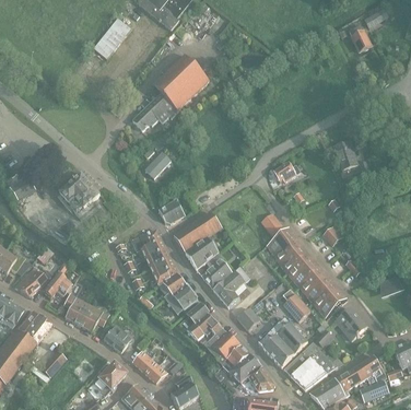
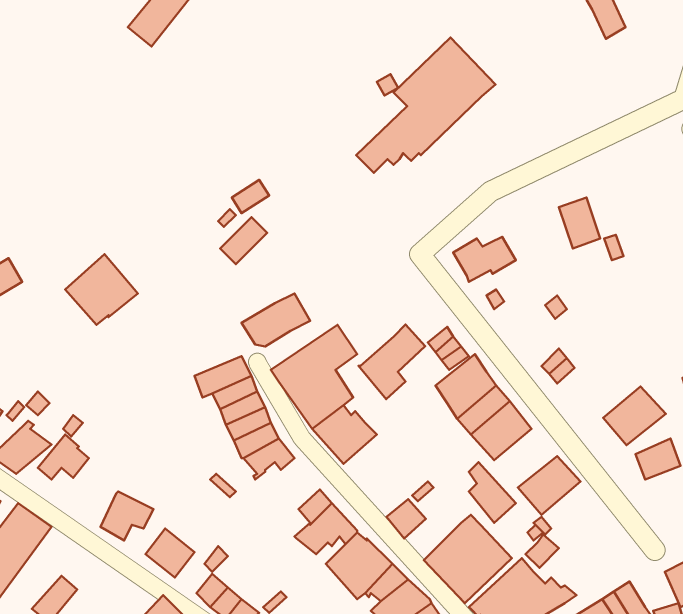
building: [132,54,210,129] -> [356,38,495,173]
building: [212,267,249,308] -> [359,325,425,399]
building: [297,270,332,303] -> [603,386,666,445]
building: [164,286,197,315] -> none
building: [62,295,87,325] -> none
building: [334,309,365,340] -> none

